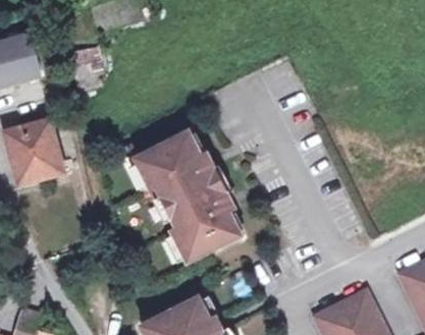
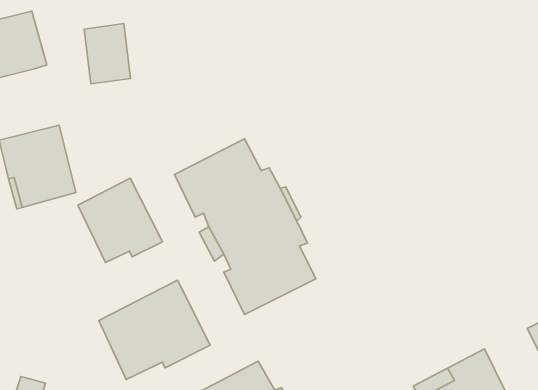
building: none -> [78,178,162,263]
building: none -> [99,280,210,379]

